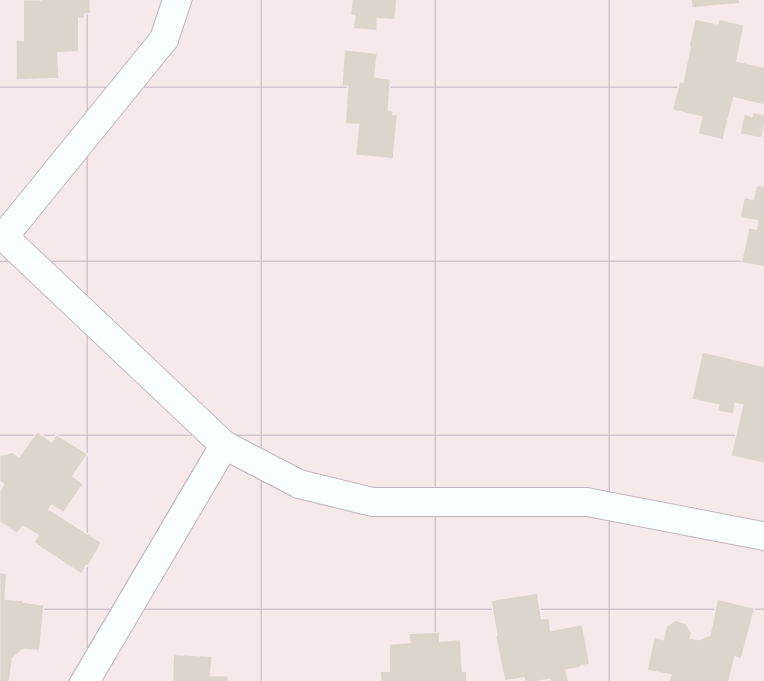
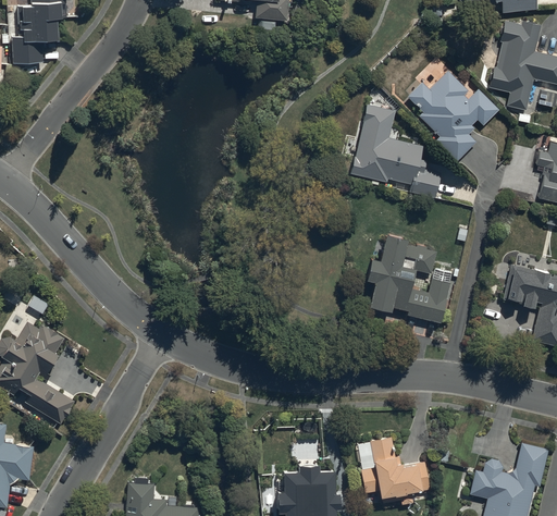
building: [342,50,397,159] -> none
building: none -> [408,71,499,162]
building: none -> [350,103,440,198]
building: none -> [367,237,451,323]

